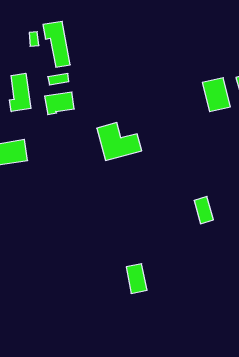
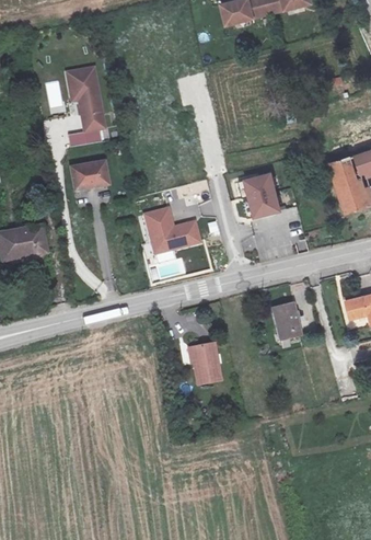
building: [9,73,31,112] -> none
building: [202,78,230,112] -> [242,171,280,217]
building: [126,264,147,293] -> [192,343,220,383]

